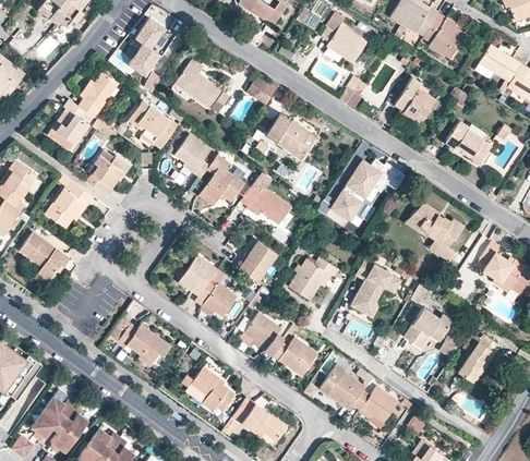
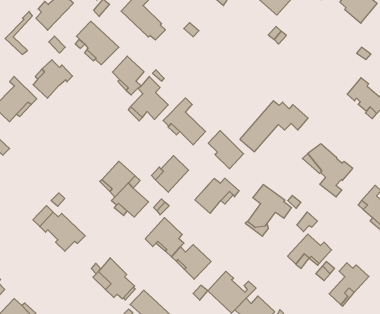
building: [394,77,435,123] -> none
building: [56,104,93,144] -> none
building: [255,112,315,158] -> none
building: none -> [208,131,244,169]

